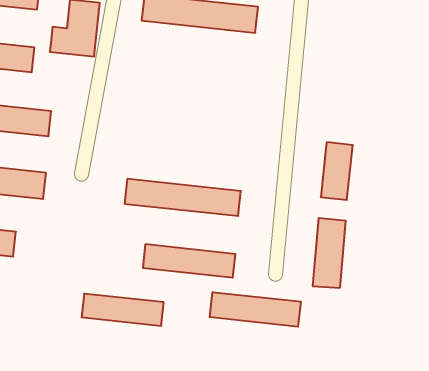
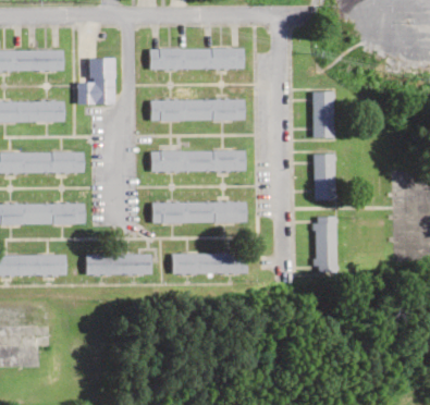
building: none -> [150,99,245,120]
building: none -> [307,93,334,137]
building: none -> [150,150,245,172]
building: [210,292,301,327] -> none
building: [82,294,164,326] -> [86,255,152,274]

